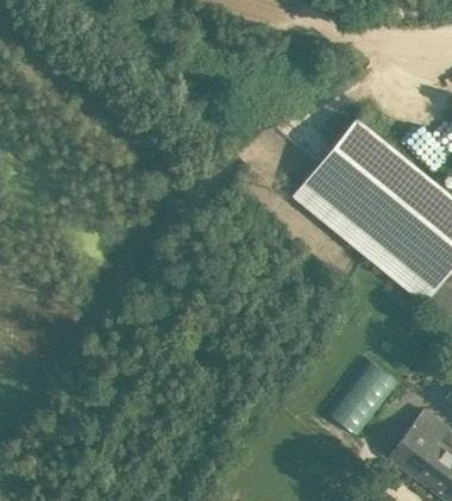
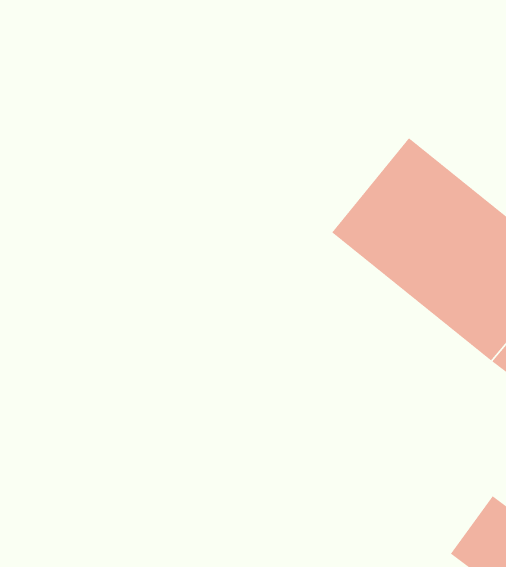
building: [327,359,396,434] -> none

